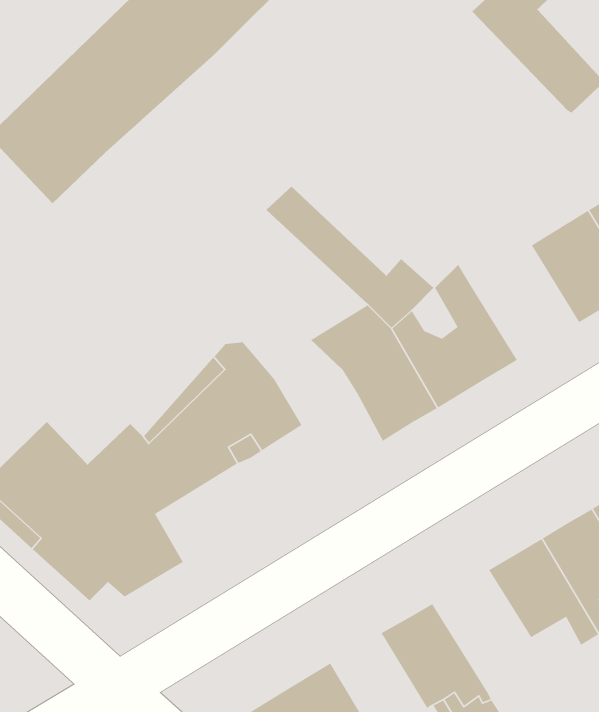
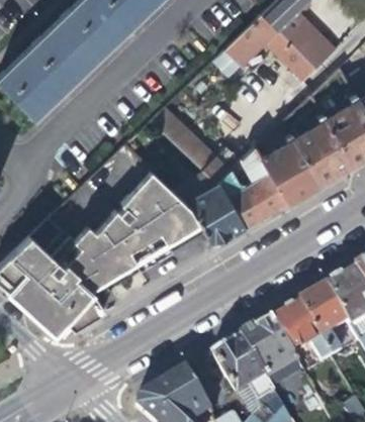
building: none -> [214,13,315,79]
building: none -> [262,140,322,203]
building: none -> [128,170,200,238]
building: none -> [242,317,302,384]

